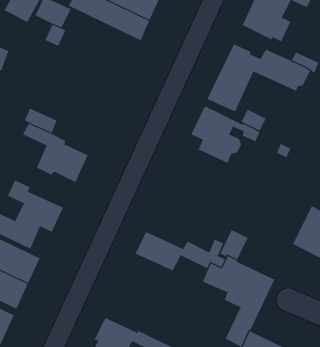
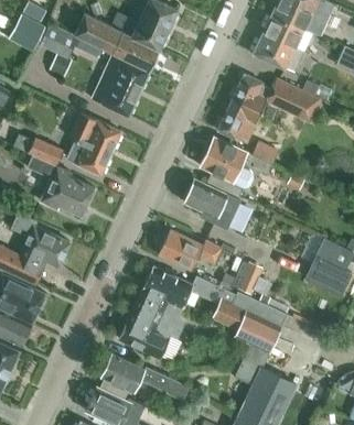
building: none -> [92,55,148,117]
building: none -> [66,113,120,175]
building: none -> [183,179,239,229]
building: none -> [159,230,221,271]
building: none -> [119,290,184,359]

